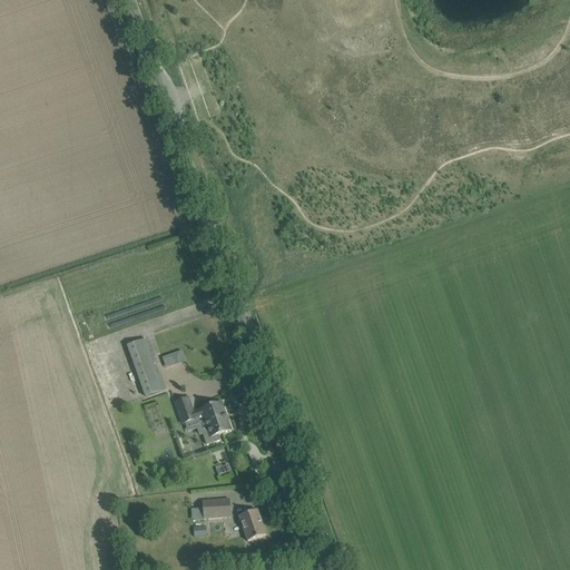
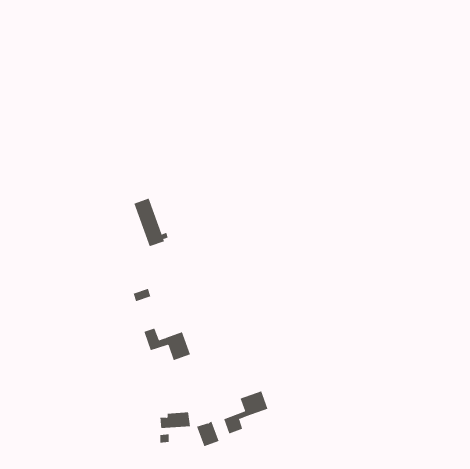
building: [127,337,169,396] -> [134,198,169,247]
building: none -> [223,391,268,434]

